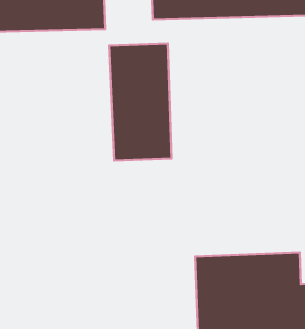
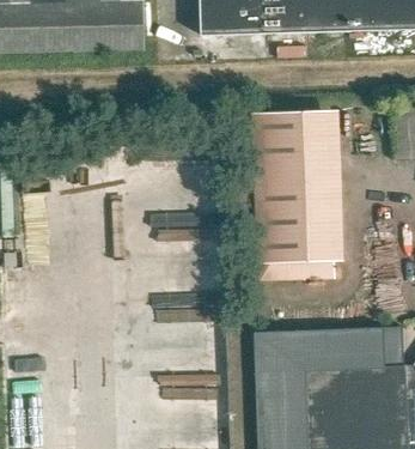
building: [109,43,172,160] -> [256,113,334,259]

